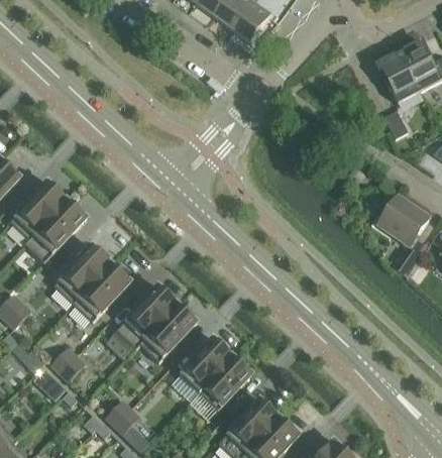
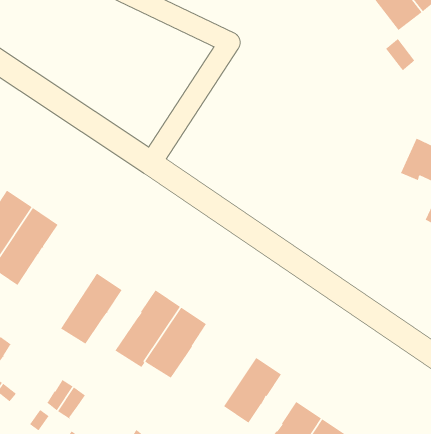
building: [53,245,111,305] -> none
building: [179,338,232,392] -> none

